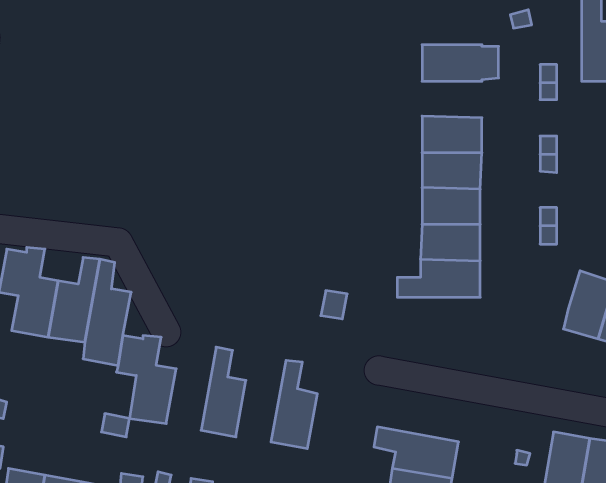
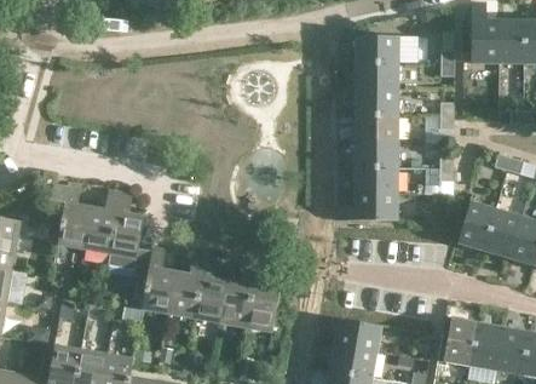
building: none -> [355,62,398,88]
building: none -> [168,253,204,316]
building: none -> [219,263,255,325]

